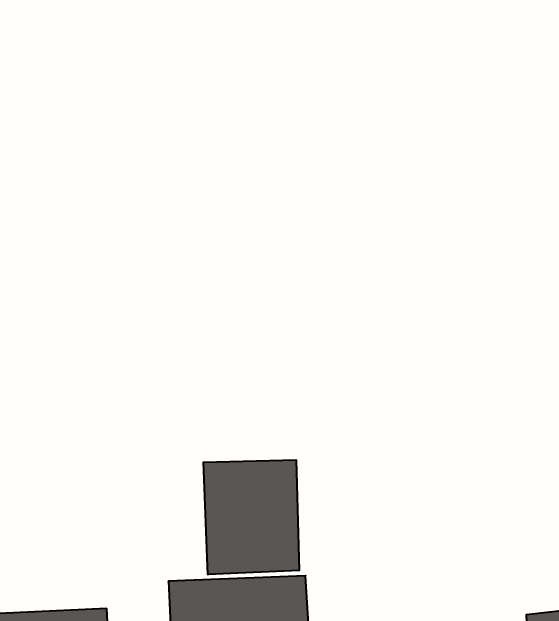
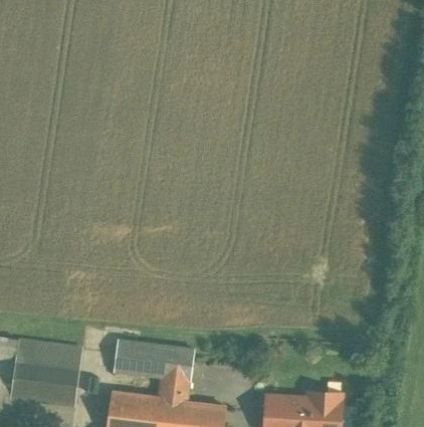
building: [203,460,299,575] -> none

